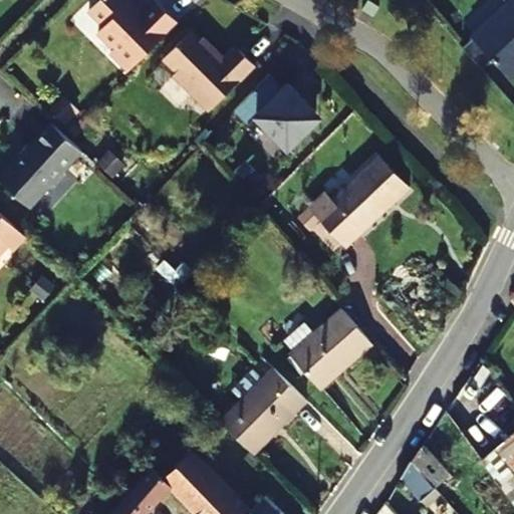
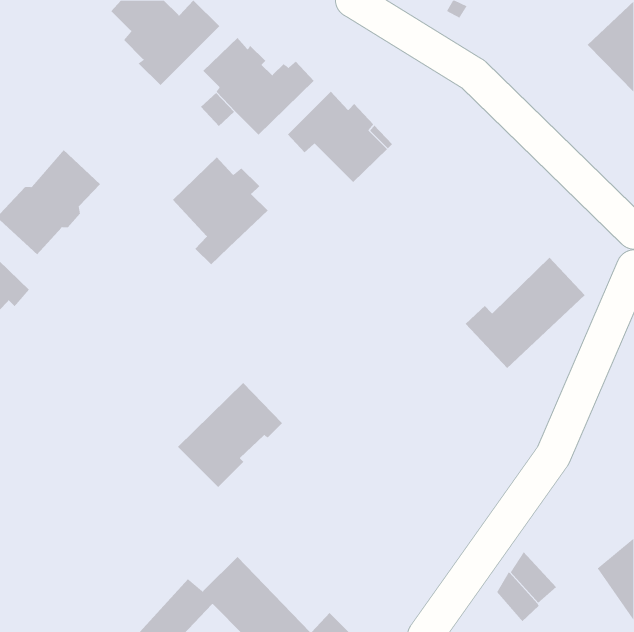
building: none -> [172,156,269,265]
building: [310,159,408,249] -> [465,257,585,369]
building: [289,311,369,391] -> none
building: [221,371,306,457] -> [177,382,283,488]

